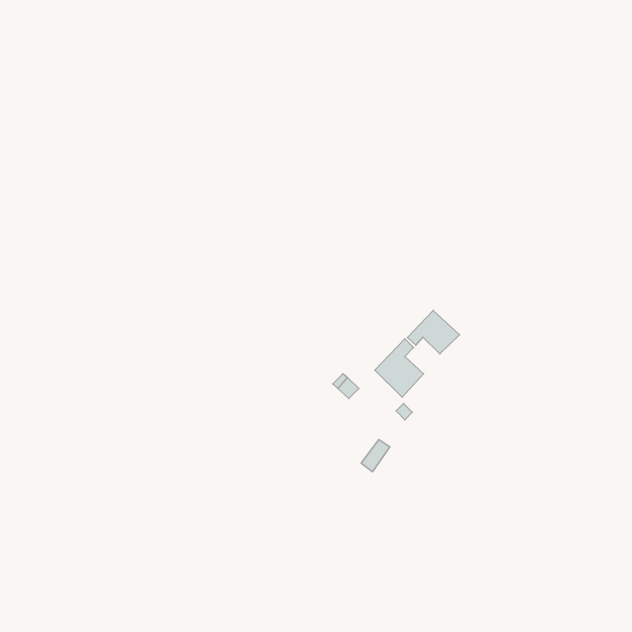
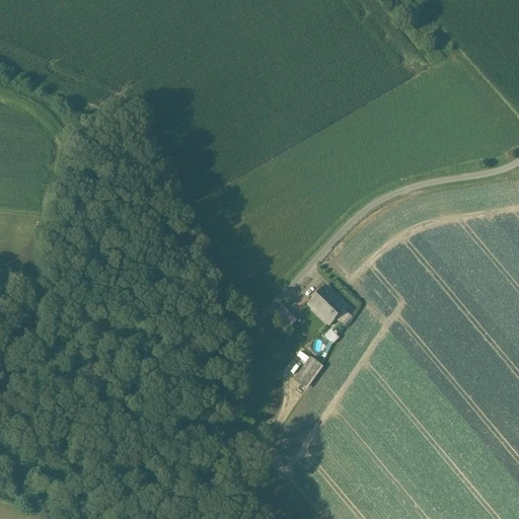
building: [407,311,459,354] -> none

